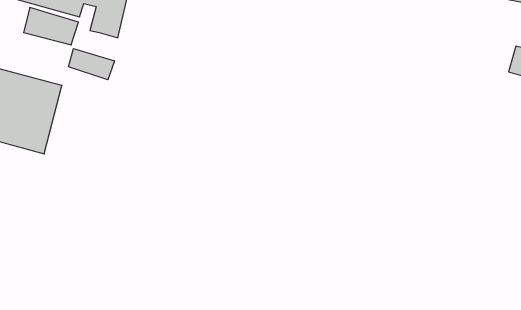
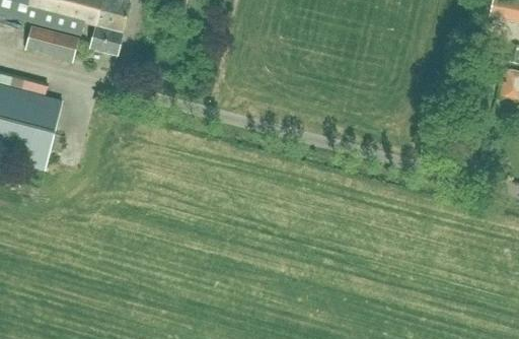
building: [69,49,114,80] -> none

